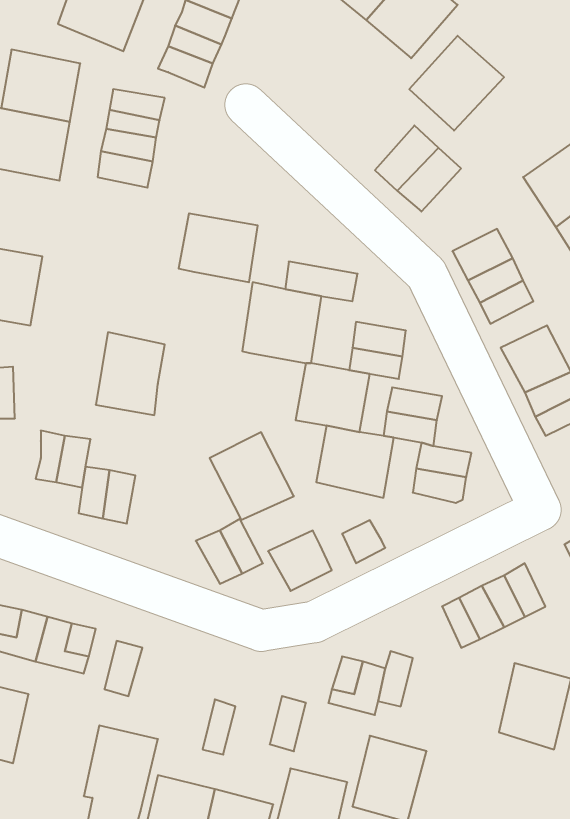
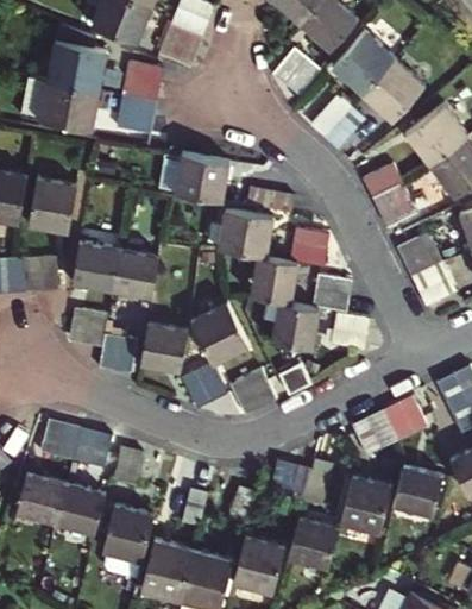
building: none -> [273,49,321,95]
building: none -> [360,59,424,124]
building: none -> [75,228,121,285]
building: none -> [141,315,191,372]
building: none -> [342,472,392,529]
building: none -> [56,485,107,544]

